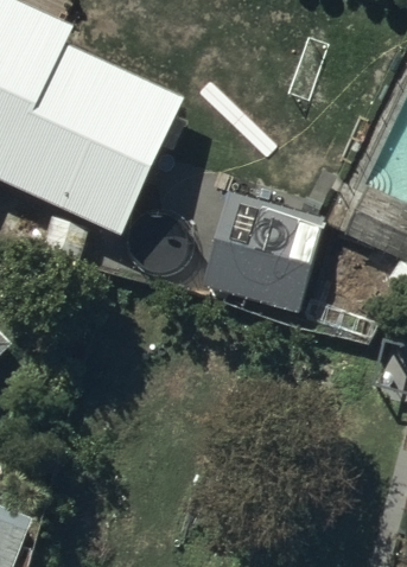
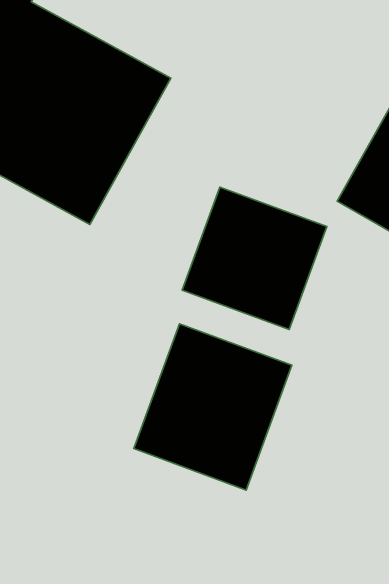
building: none -> [134,324,292,490]

